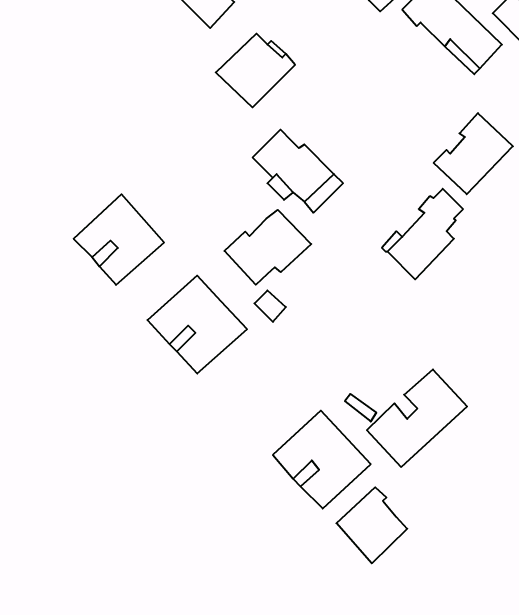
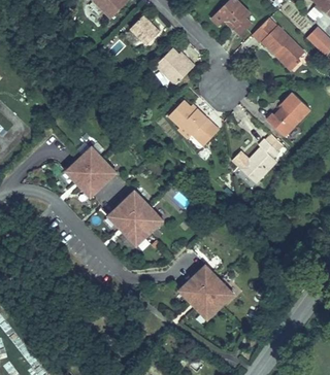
building: [224,210,311,285] -> none
building: [367,369,467,467] -> none
building: [336,487,407,563] -> none

